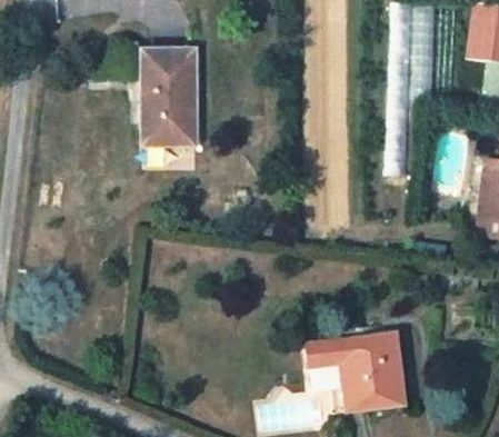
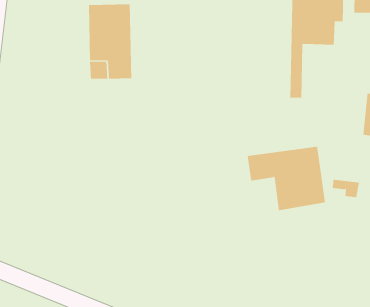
building: [305,330,402,410] -> [247,146,326,211]

